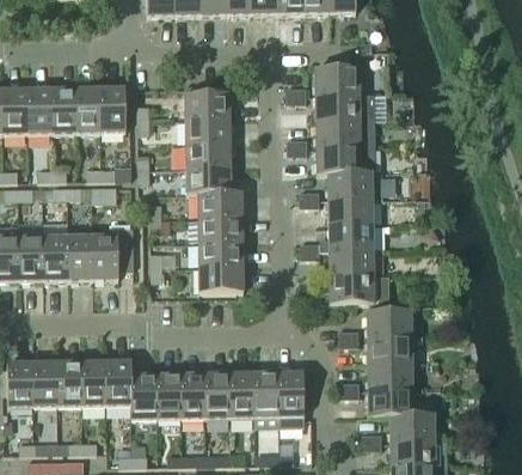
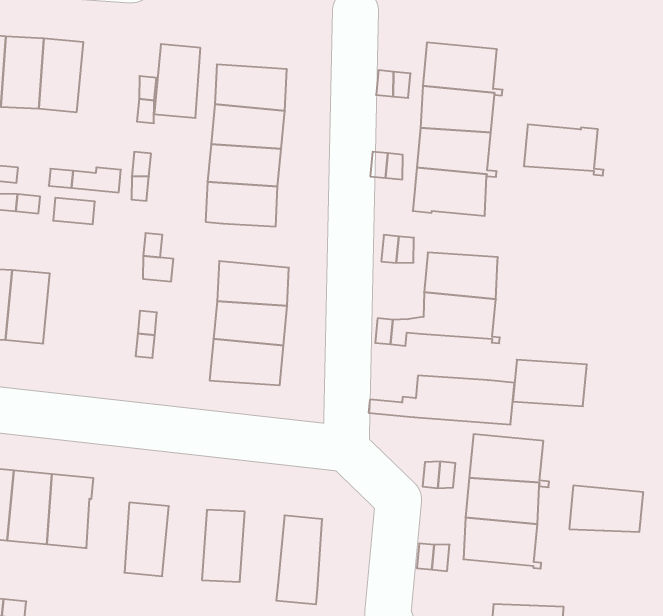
building: [99,89,125,133] -> [154,44,200,118]
building: [327,172,377,201] -> [524,124,604,176]
building: [197,193,241,218] -> none
building: [92,229,134,280] -> none
building: [328,250,373,278] -> [513,360,587,406]
building: [277,372,303,427] -> none
building: [228,373,253,418] -> none
building: [130,374,156,420] -> none
building: [180,374,205,419] -> none
building: [368,390,412,418] -> [569,486,643,532]

